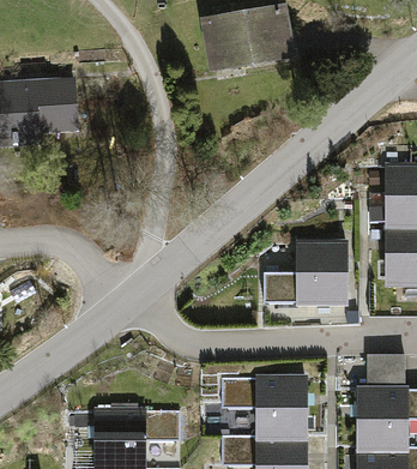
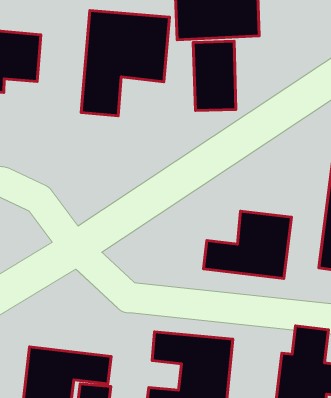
building: none -> [81,11,169,116]
building: none -> [193,41,236,111]

